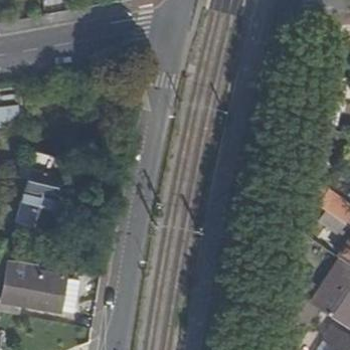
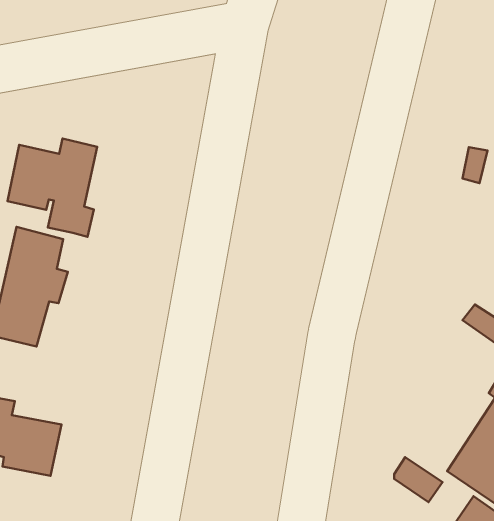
building: none -> [7,138,97,237]

